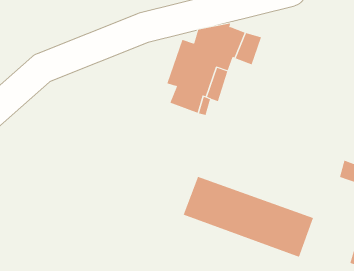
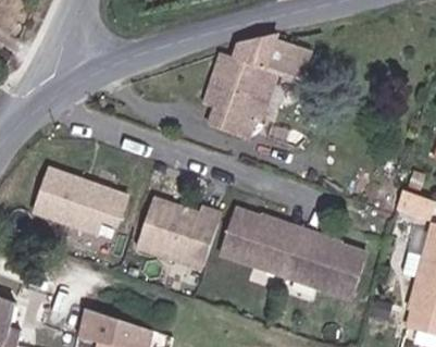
building: none -> [35,170,128,234]
building: none -> [138,201,221,269]

